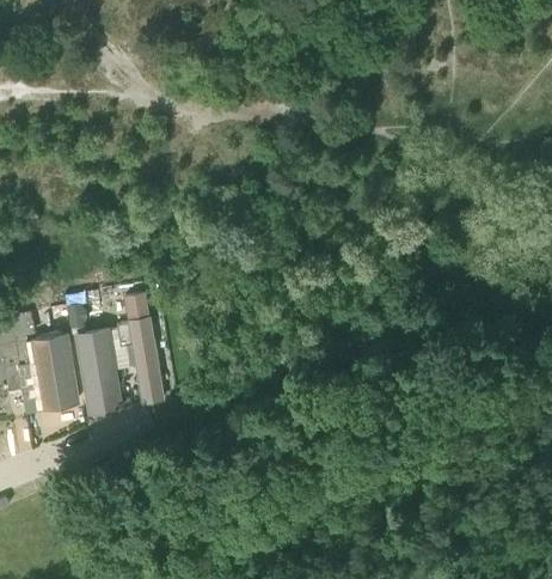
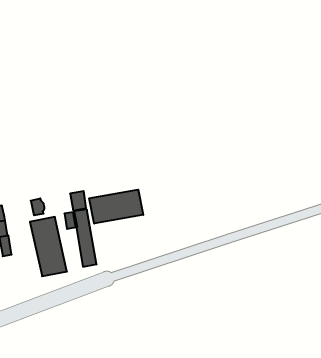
building: none -> [89,190,143,224]
building: [36,335,72,408] -> none

